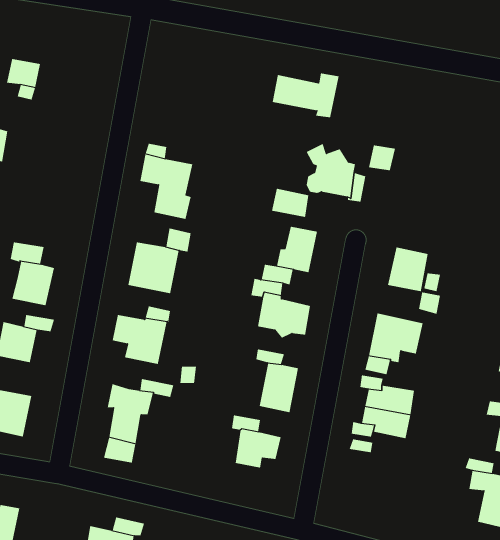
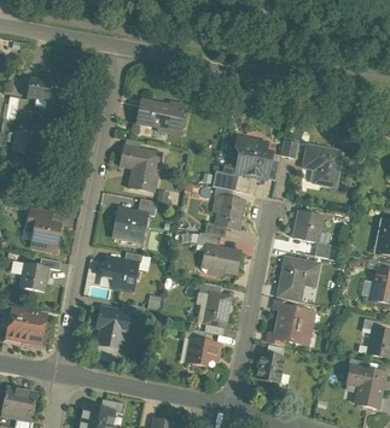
building: [272,73,339,118] -> [136,102,184,134]
building: none -> [302,145,342,187]
building: none -> [256,353,283,381]

